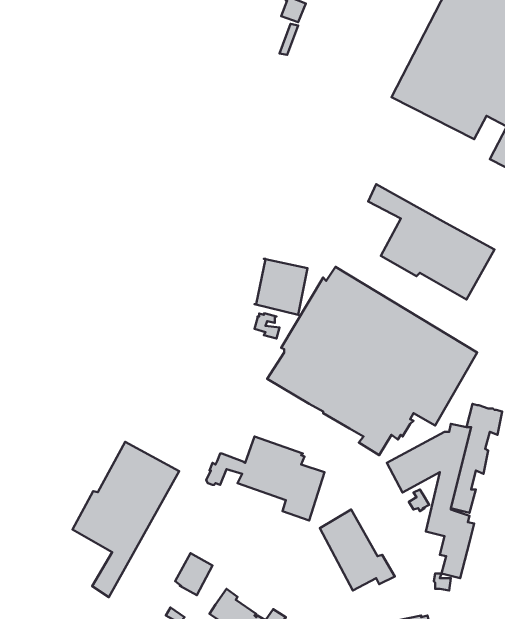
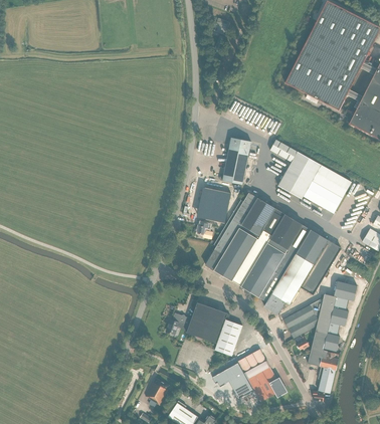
building: none -> [219,137,251,184]
building: [72,442,179,597] -> none
building: none -> [212,362,253,398]

